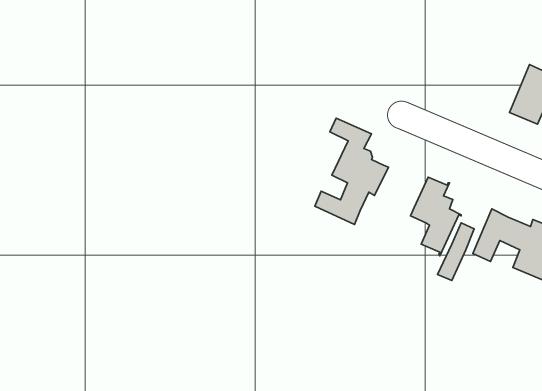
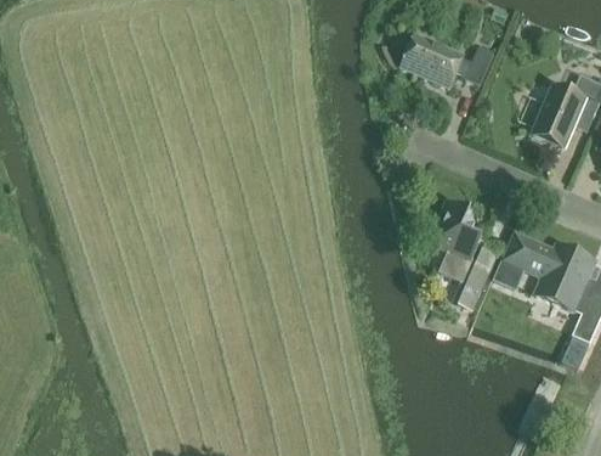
building: none -> [399,34,494,89]
building: [315,118,389,225] -> none

